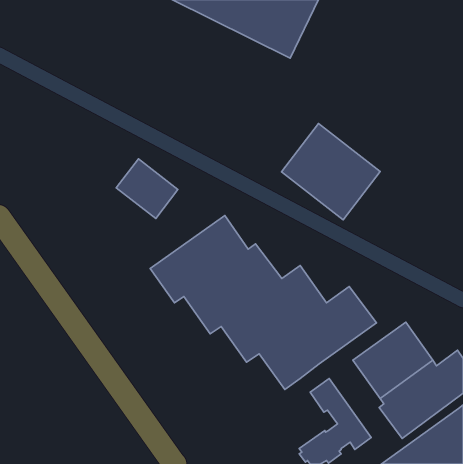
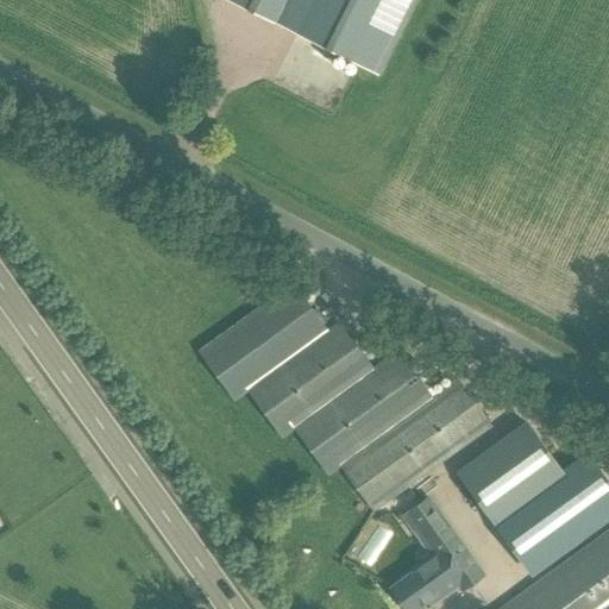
building: [282,124,380,220] -> none
building: [116,159,178,218] -> none

